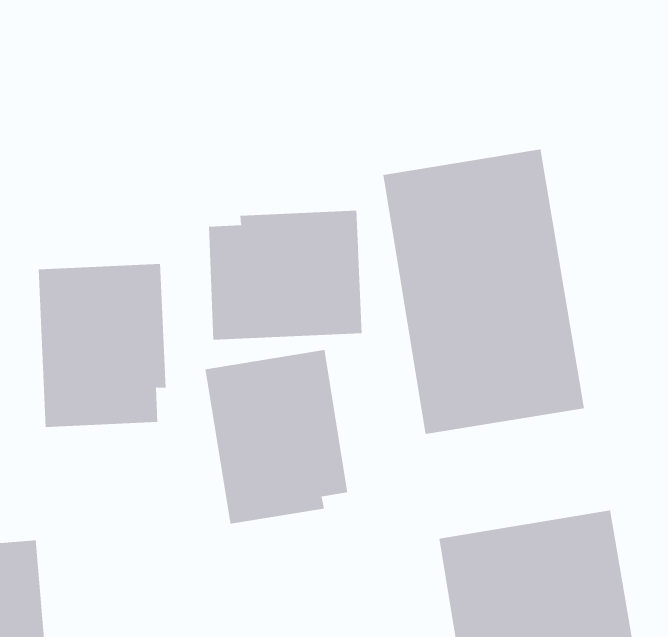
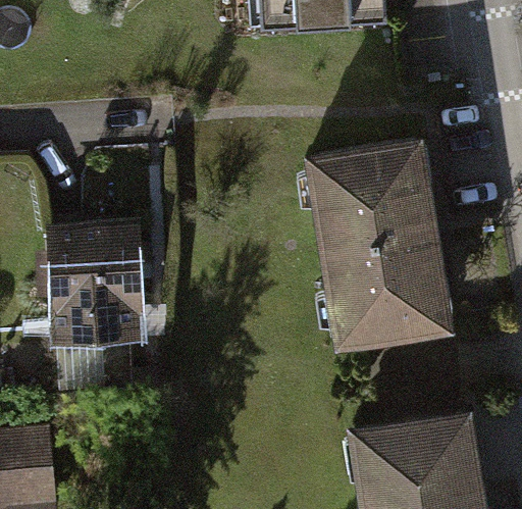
building: [208,210,362,340] -> none
building: [205,349,348,524] -> none

